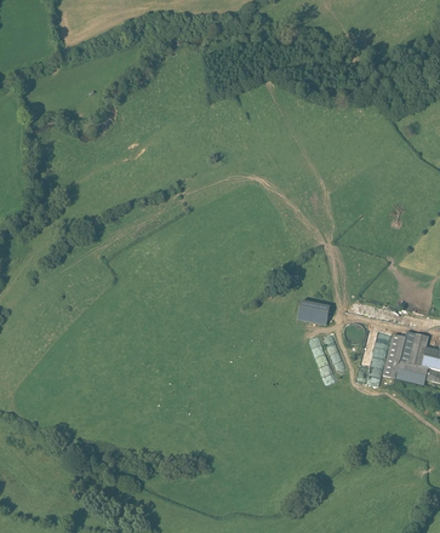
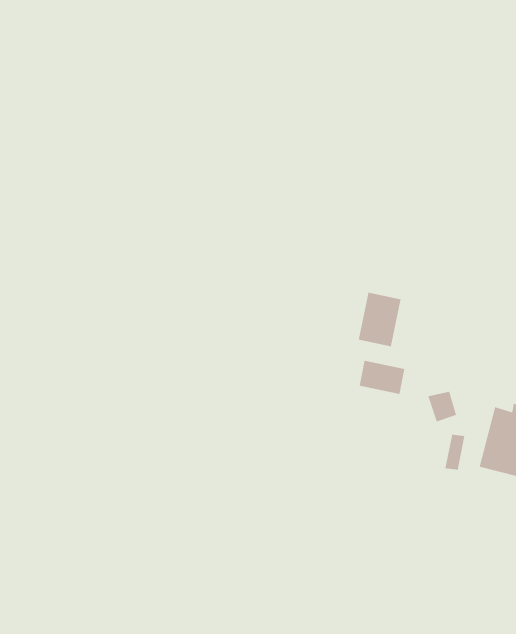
building: none -> [358,292,401,347]

